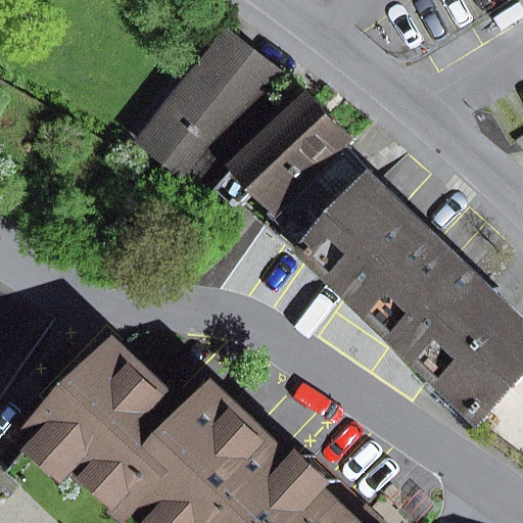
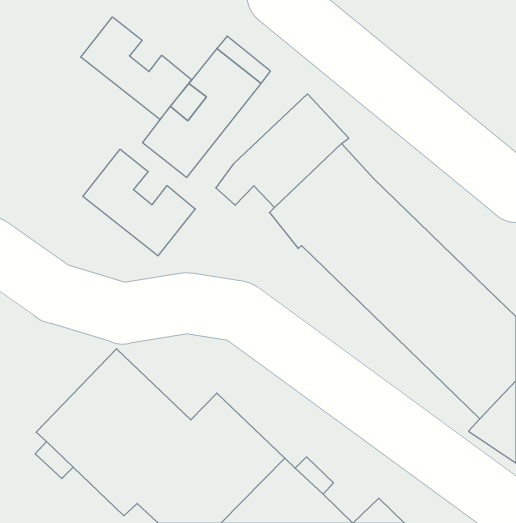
building: none -> [81,17,192,120]
building: none -> [83,149,195,256]

